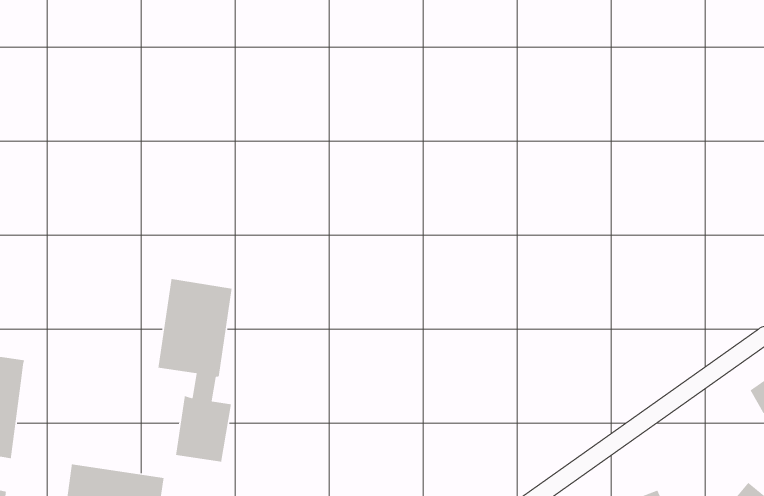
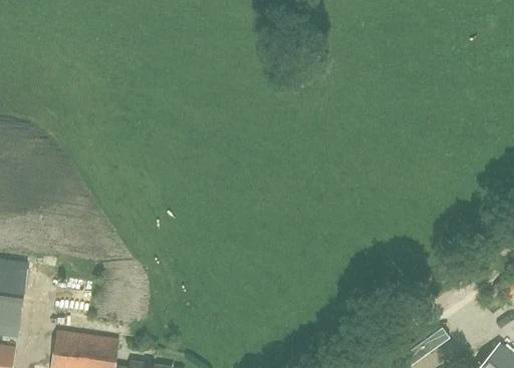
building: [158,278,232,462] -> none

